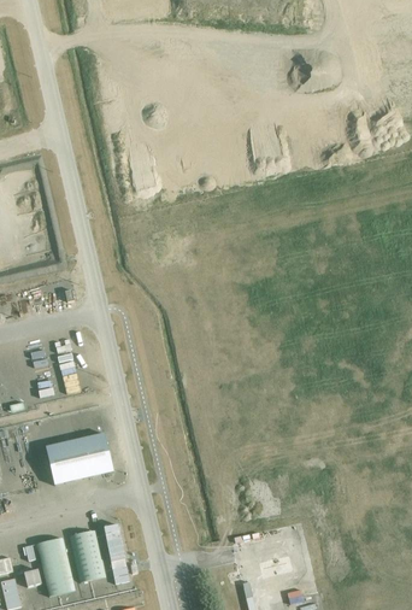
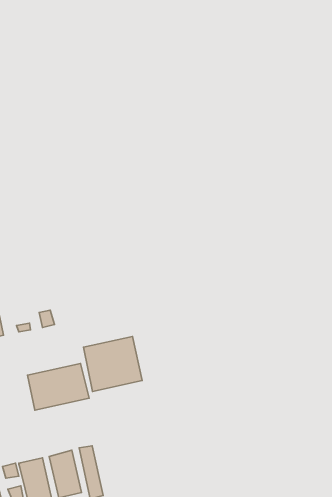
building: none -> [84,337,142,392]

